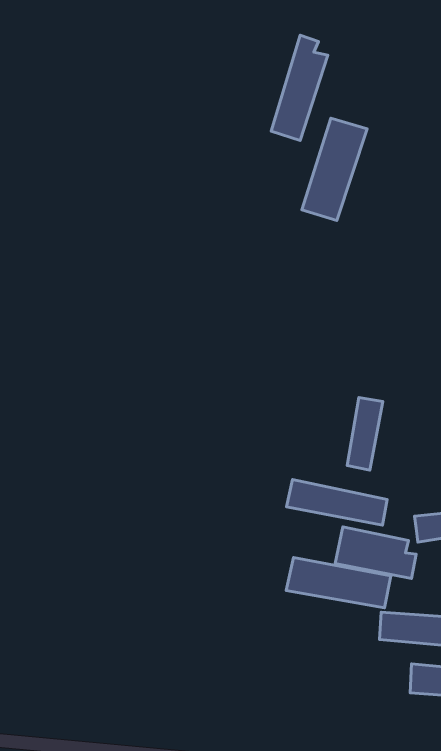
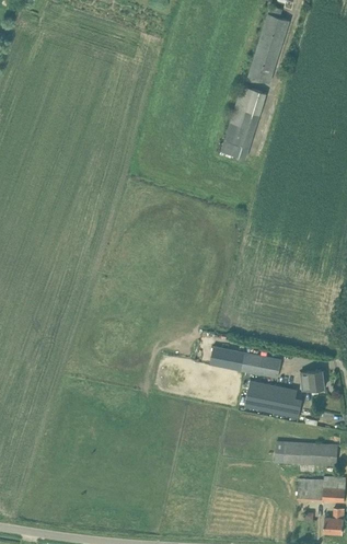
building: [271,35,328,140] -> [247,8,288,83]
building: [347,398,383,470] -> none
building: [286,557,391,608] -> none

